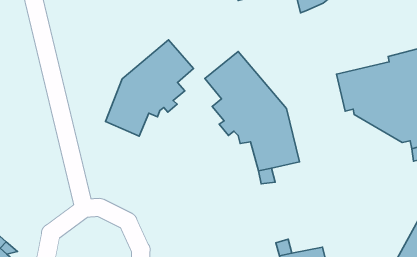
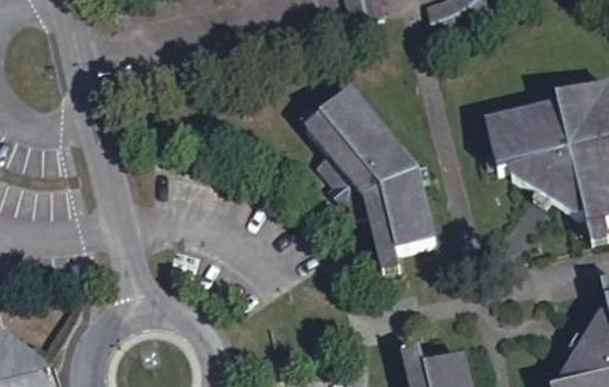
building: [106,40,194,136] -> none

